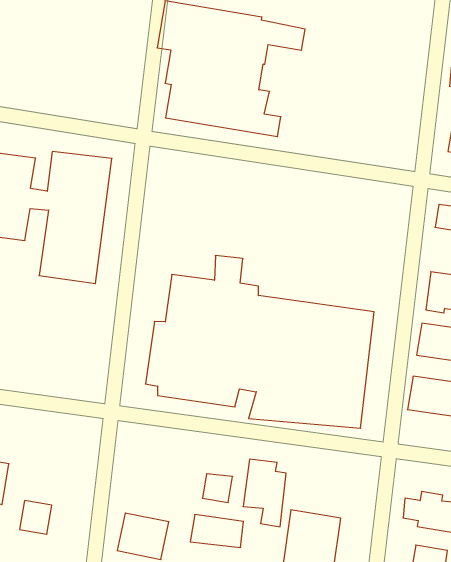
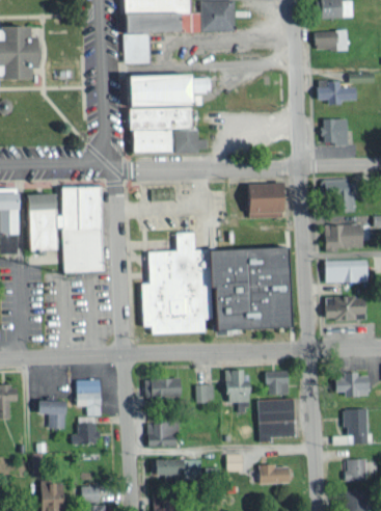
building: none -> [245,182,285,218]
building: none -> [77,379,106,415]
building: none -> [268,371,289,394]
building: [190,515,243,547] -> [147,378,182,398]

